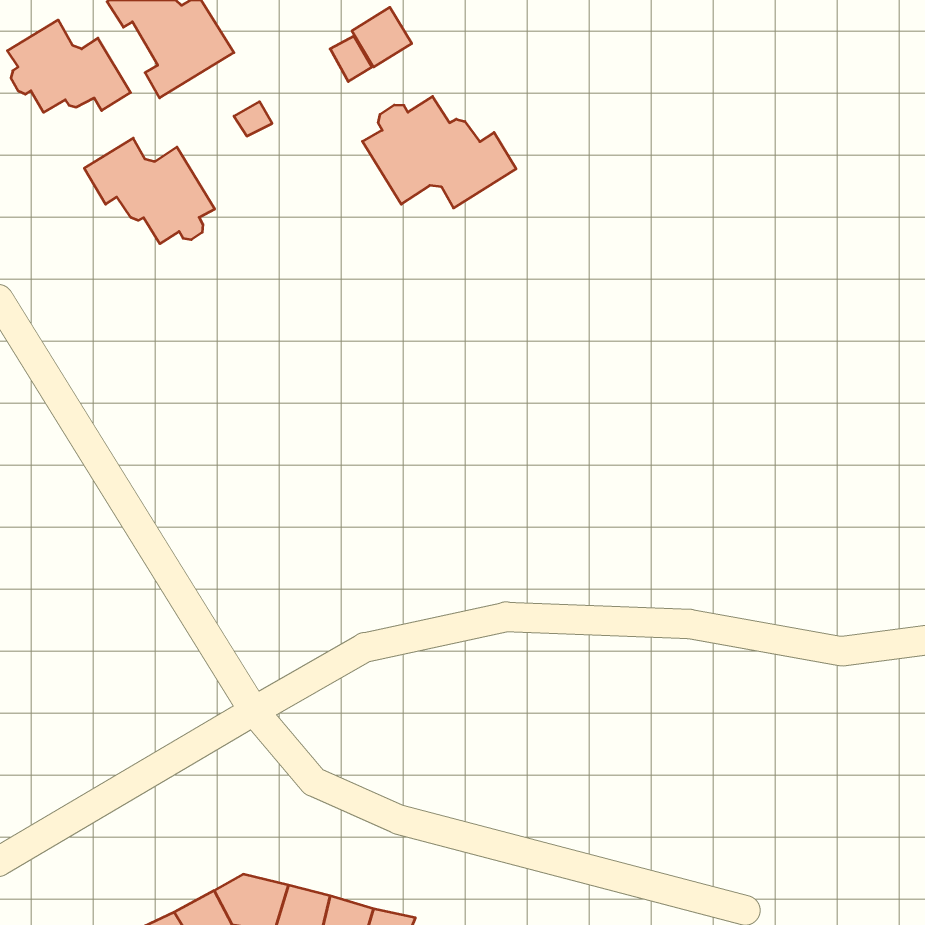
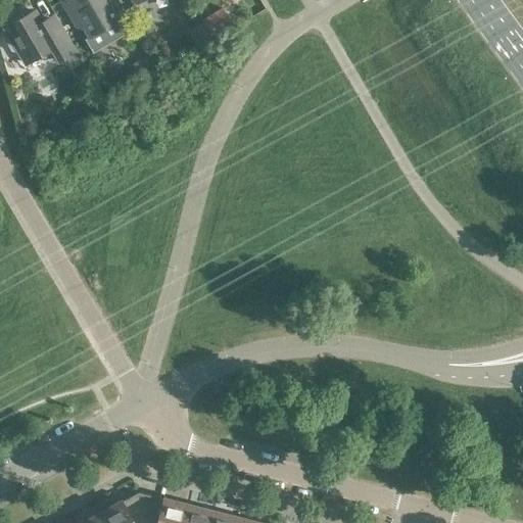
building: [362,96,516,208] -> none
building: [84,138,215,244] -> none

